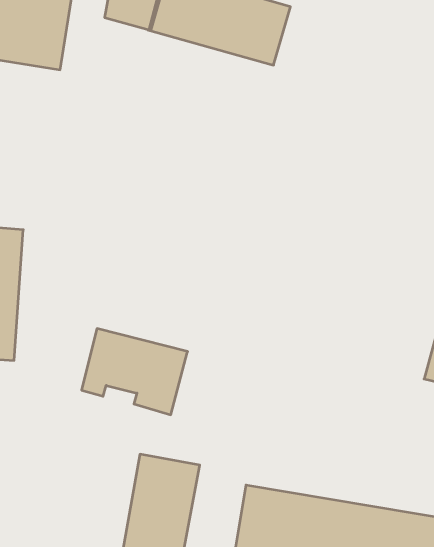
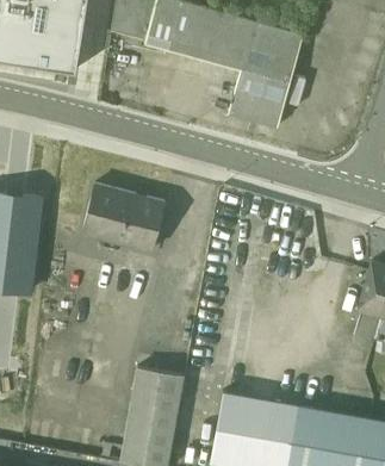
building: none -> [228,23,302,128]
building: [82,329,188,415] -> [82,185,164,251]

